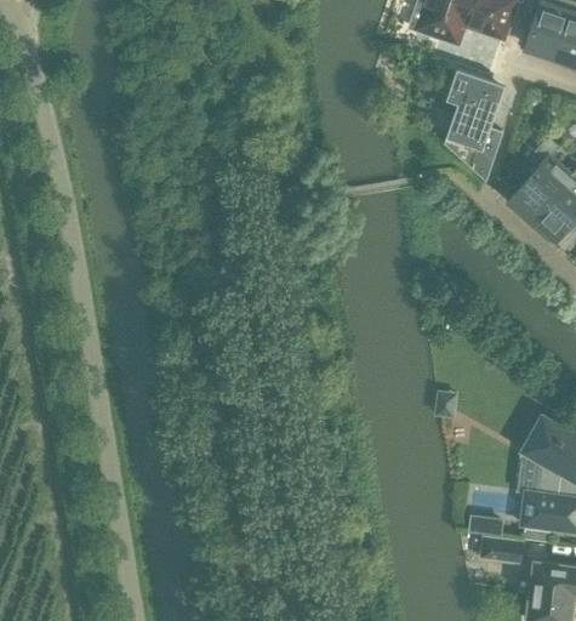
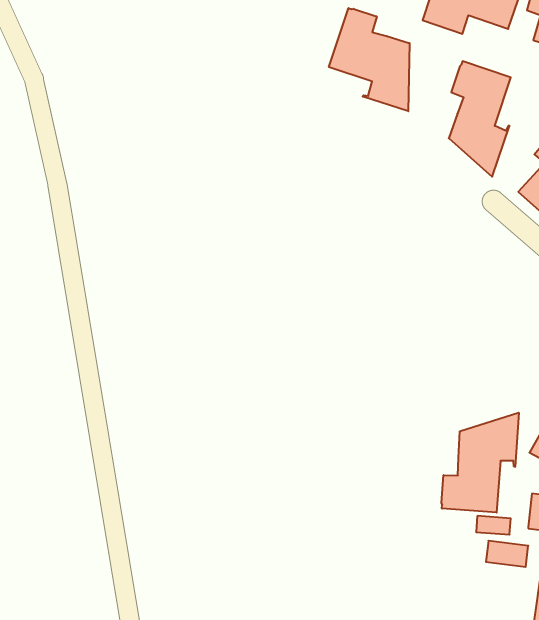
building: none -> [329,8,410,111]
building: none -> [442,413,519,513]

